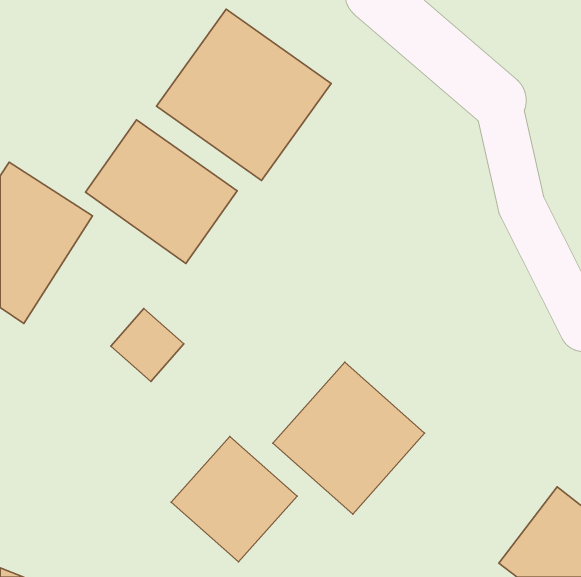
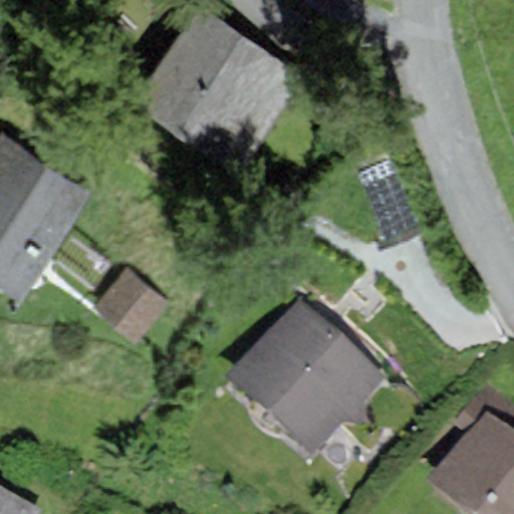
building: [85,120,237,263] -> none
building: [171,436,297,562] -> none

